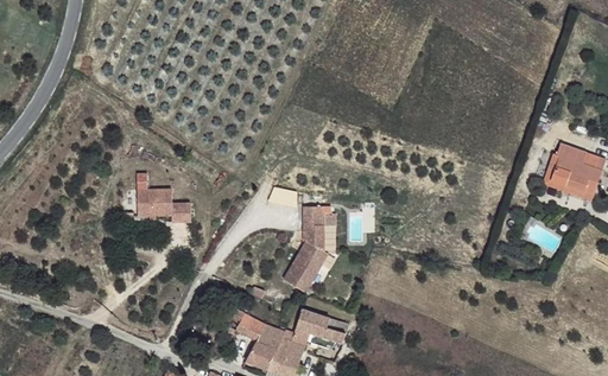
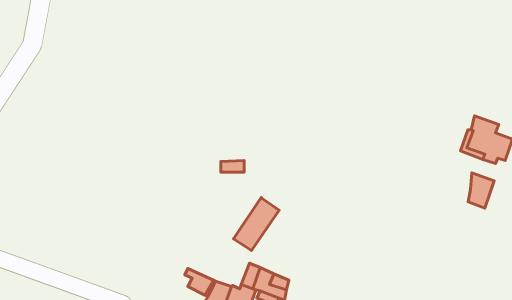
building: [135,189,189,222] -> none
building: [315,197,336,243] -> none
building: none -> [468,173,494,208]

